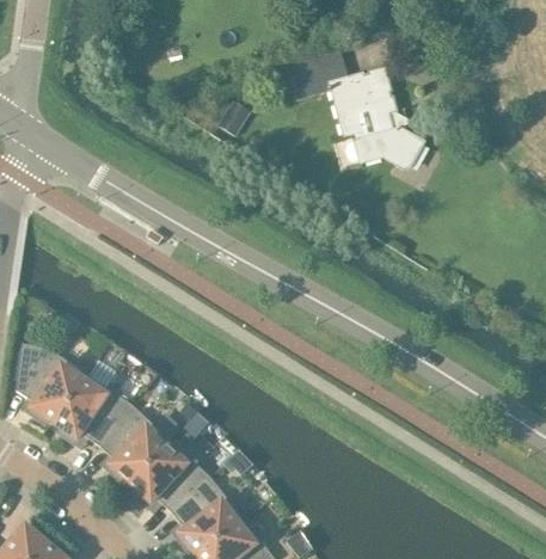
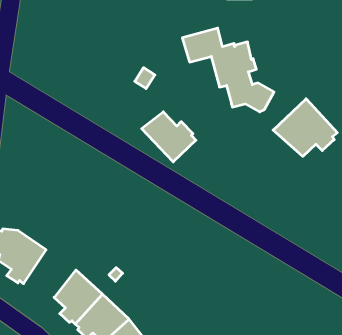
building: none -> [273,99,337,156]
building: none -> [142,112,196,162]
building: [54,375,131,446] -> none

